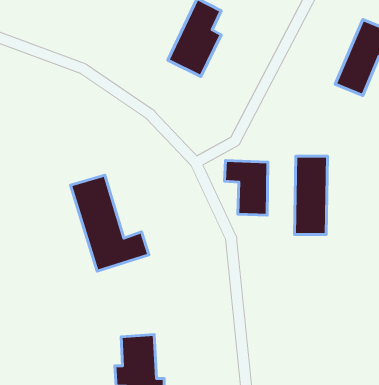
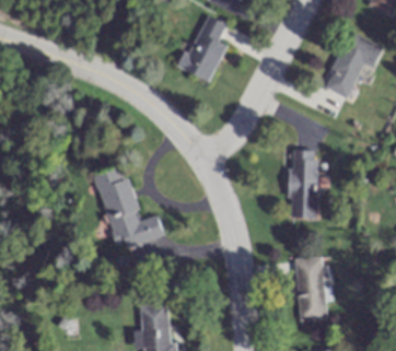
building: [225,161,268,215] -> none
building: none -> [294,256,326,321]

